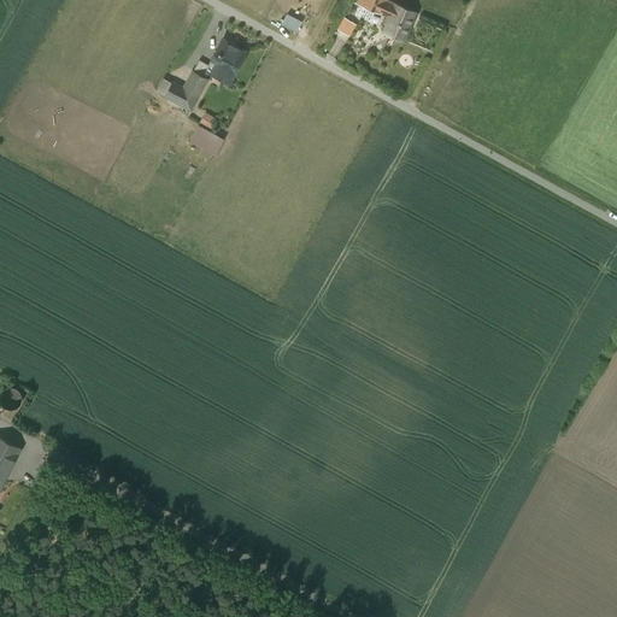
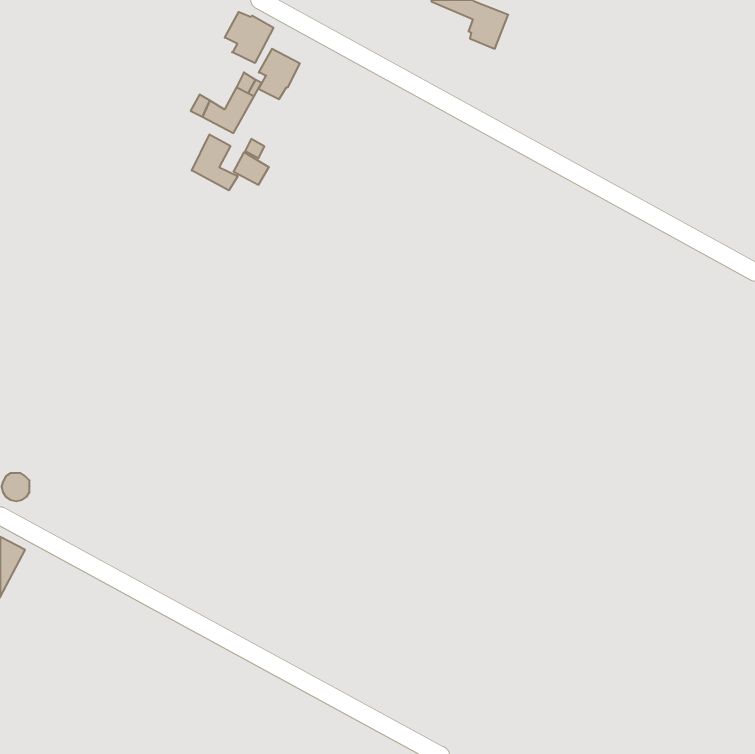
building: none -> [225,12,273,63]
building: none -> [192,134,238,190]

